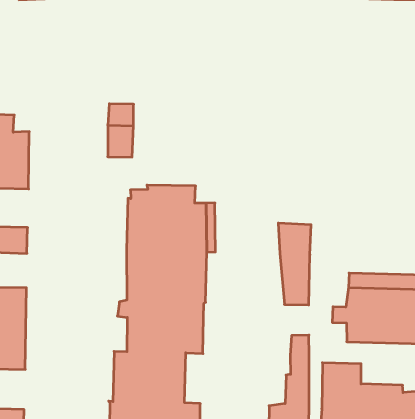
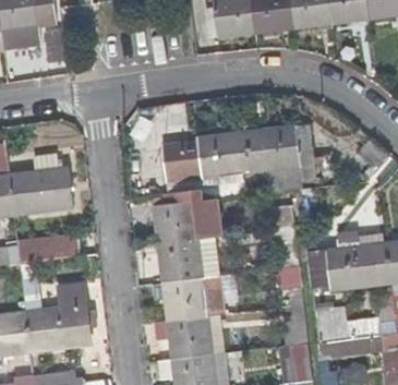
building: none -> [162,123,316,193]

